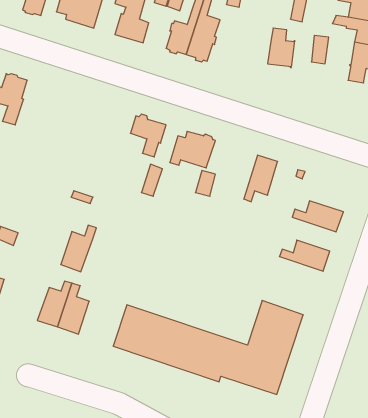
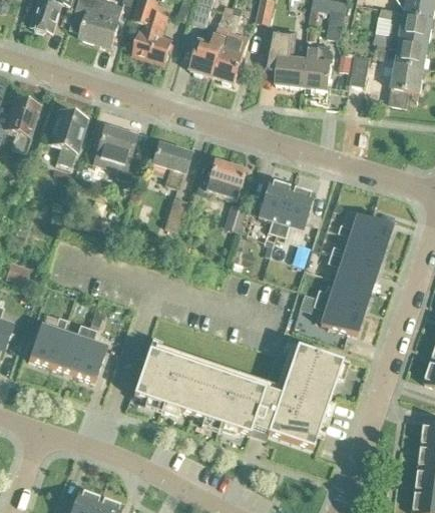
building: none -> [264,26,306,84]
building: none -> [49,107,86,164]
building: none -> [92,124,142,182]
building: none -> [257,177,291,232]
building: none -> [337,212,392,246]
building: none -> [327,252,377,290]
building: [61,225,96,272] -> [27,315,66,366]
building: none -> [312,296,363,335]

